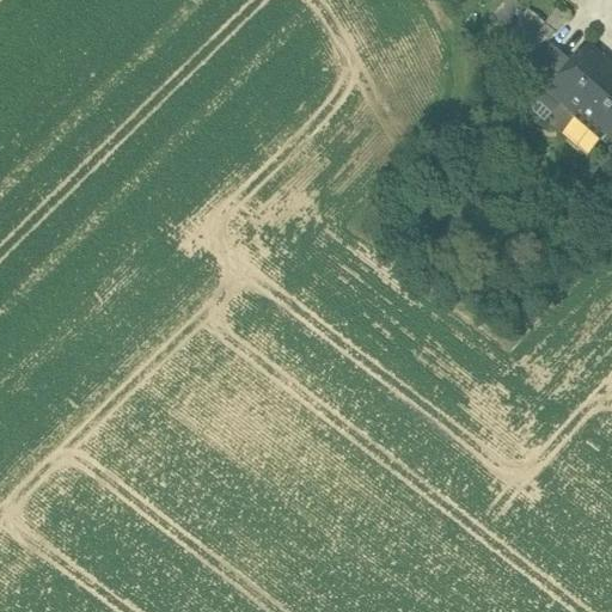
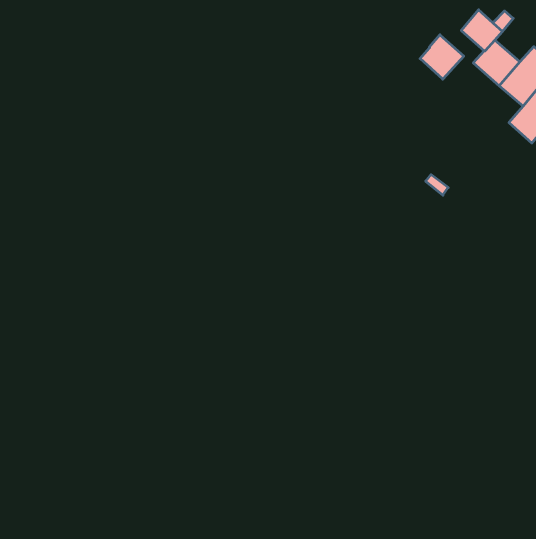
building: none -> [420,35,464,79]

